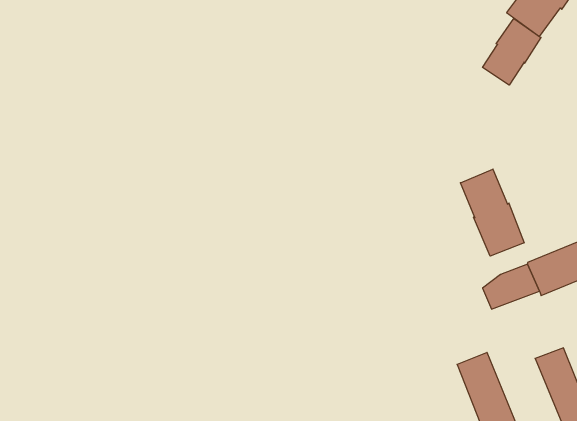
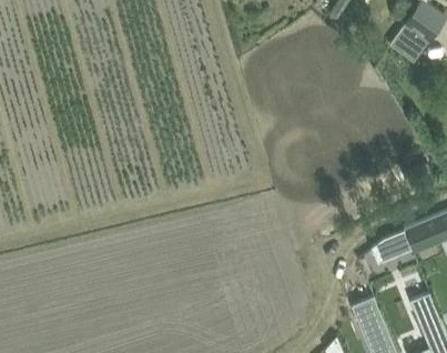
building: [483,19,541,85] -> none
building: [460,169,524,256] -> none

